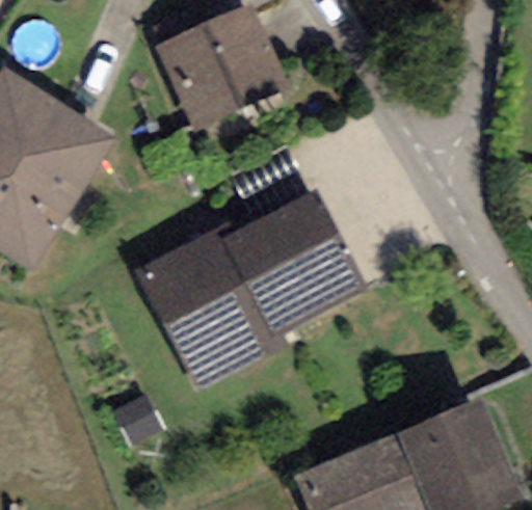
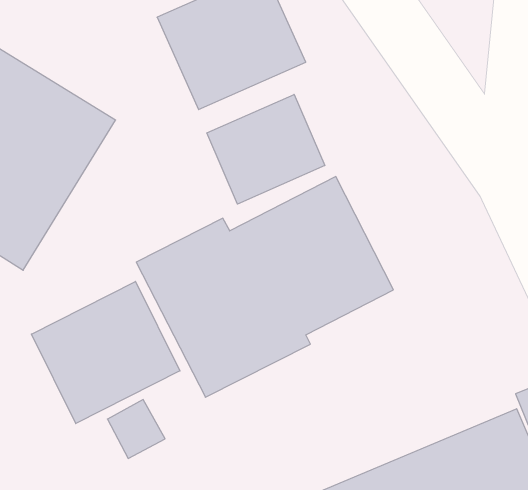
building: none -> [207,94,325,204]
building: none -> [31,281,180,424]

